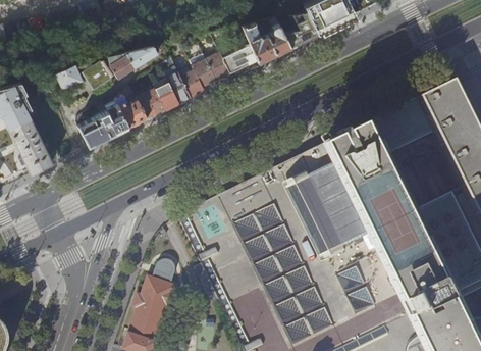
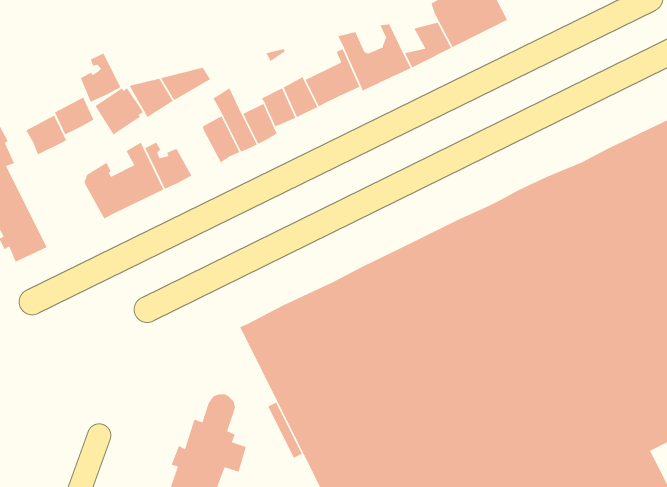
building: none -> [80,53,121,103]
building: none -> [25,114,67,156]
building: [138,87,166,116] -> none

